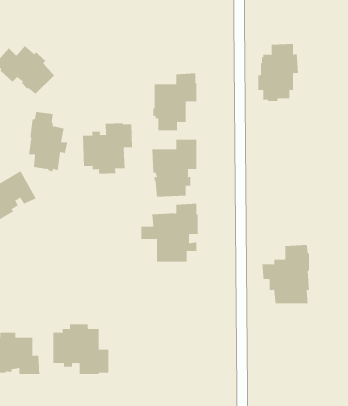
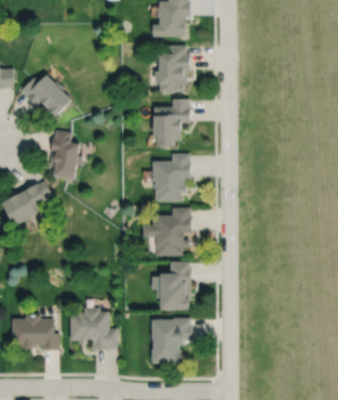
building: [258,43,299,101] -> [156,44,191,93]
building: [82,123,133,175] -> none
building: [261,245,310,304] -> [151,262,192,311]
building: none -> [152,318,192,366]

